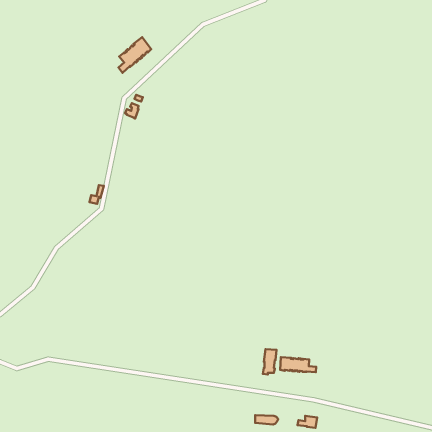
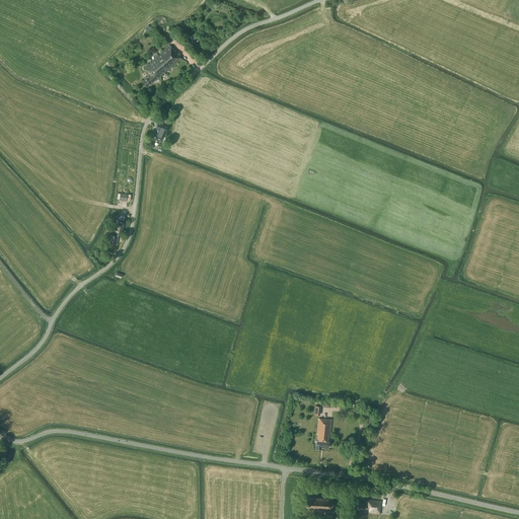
building: [280,357,316,372] -> none

